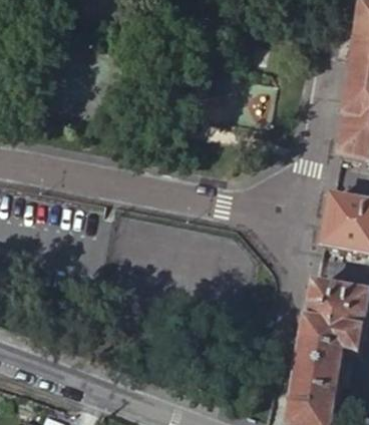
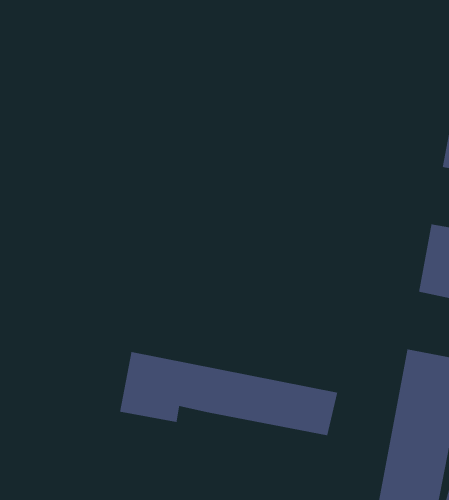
building: none -> [119,351,338,436]

